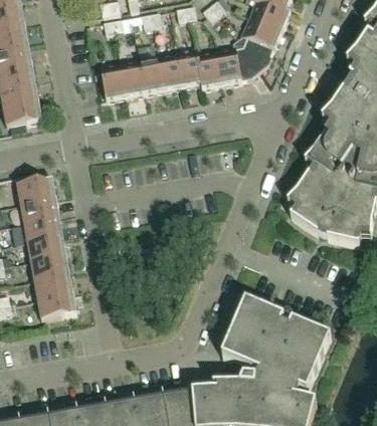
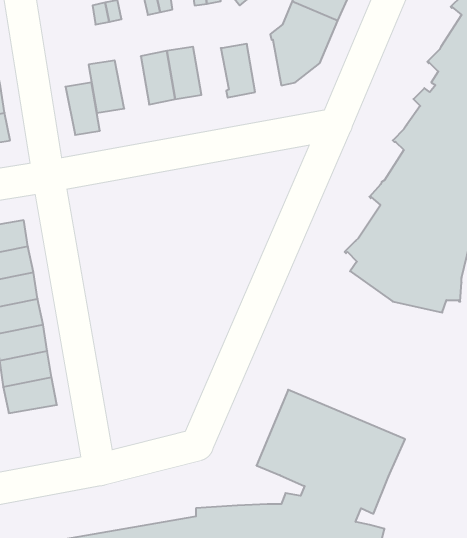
building: [214,45,240,83] -> none
building: [175,46,201,85] -> none
building: [118,57,143,95] -> [65,83,100,135]

